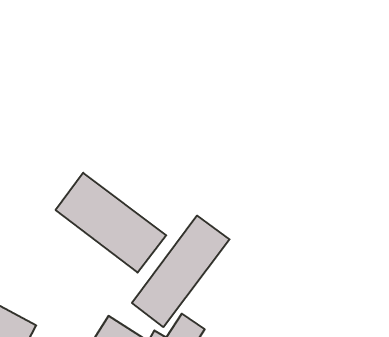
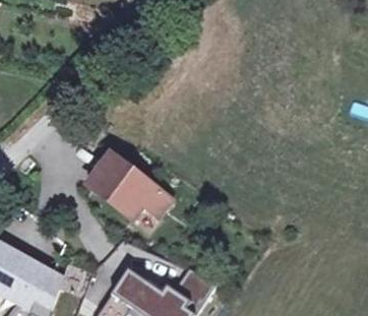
building: [132,216,230,327] -> none

